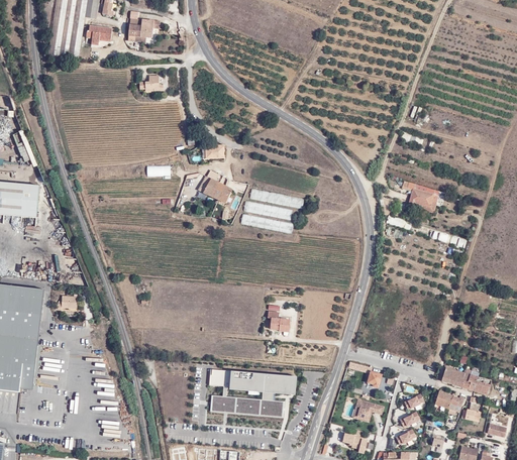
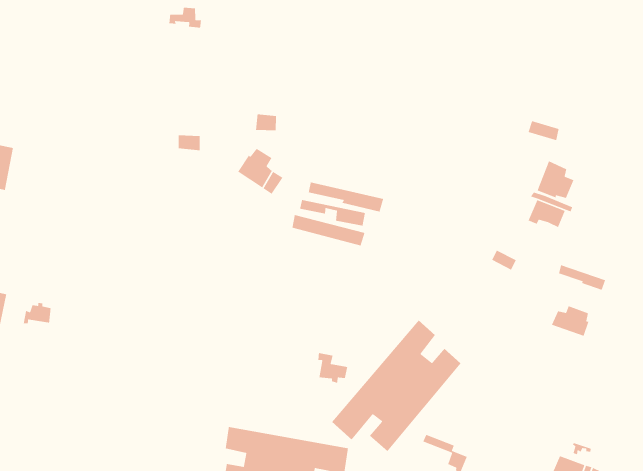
building: none -> [536,160,574,199]
building: none -> [551,305,589,337]
building: none -> [331,320,462,452]

